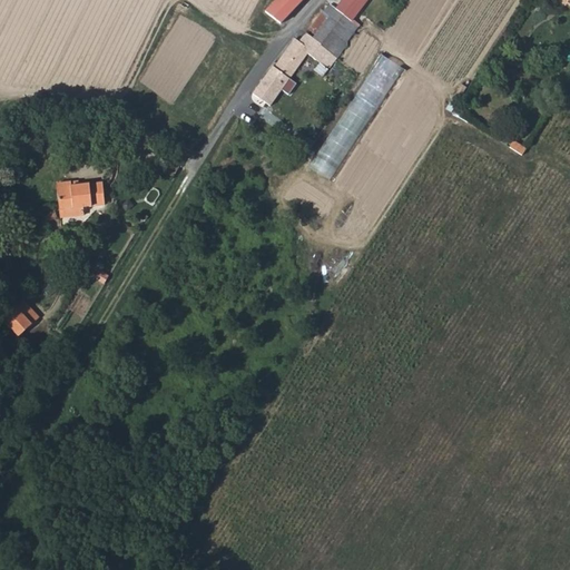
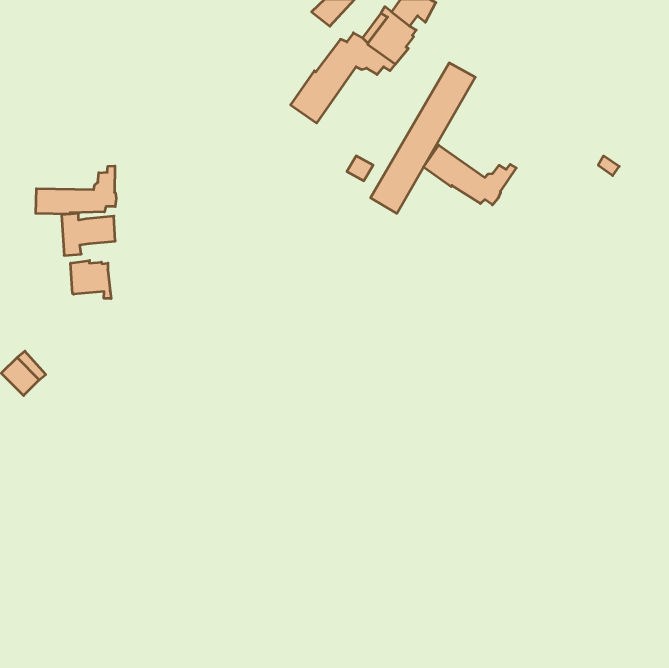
building: none -> [423,145,516,205]
building: none -> [36,166,116,214]
building: none -> [71,260,111,299]

